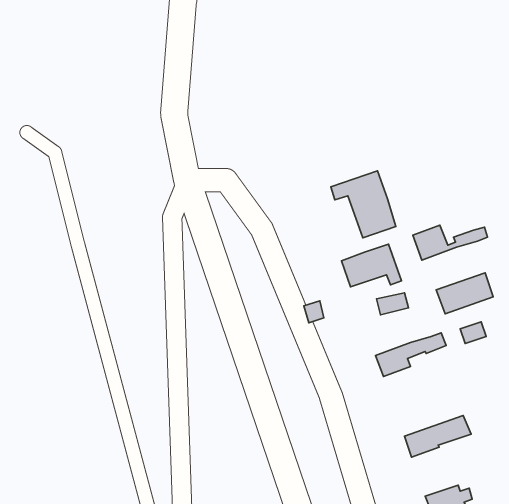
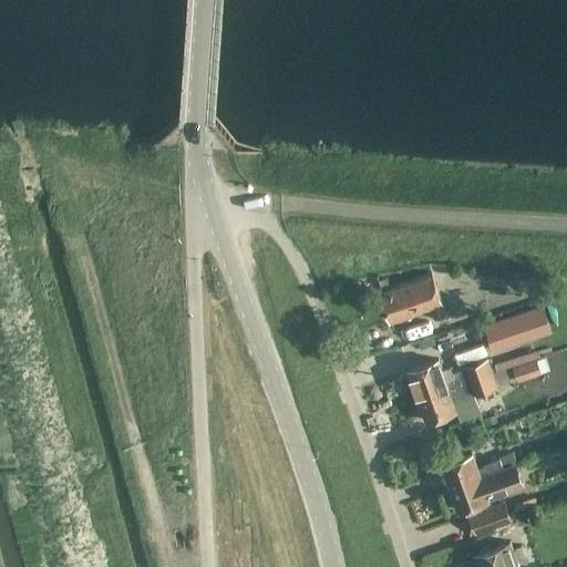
building: [331,171,396,238] -> none
building: [413,225,488,260] -> [408,362,491,401]
building: none -> [442,456,515,491]
building: none -> [468,505,511,537]

